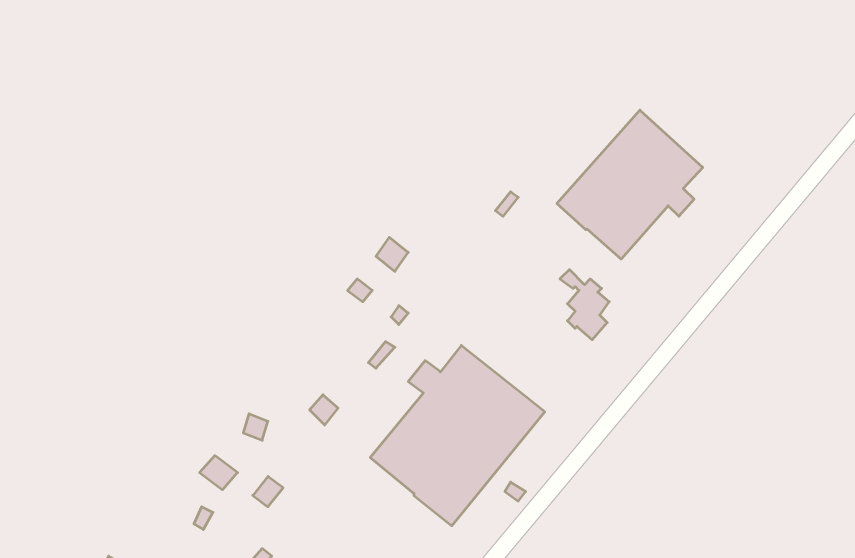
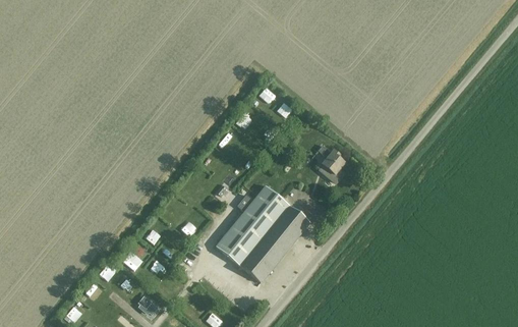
building: [557,110,703,259] -> none

